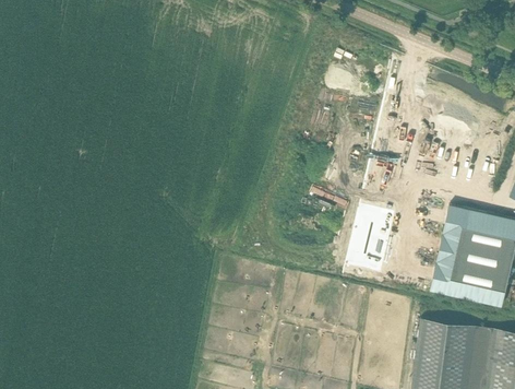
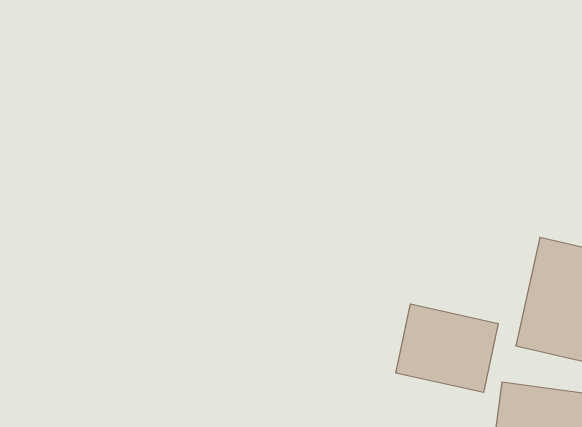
building: none -> [396,304,498,392]

